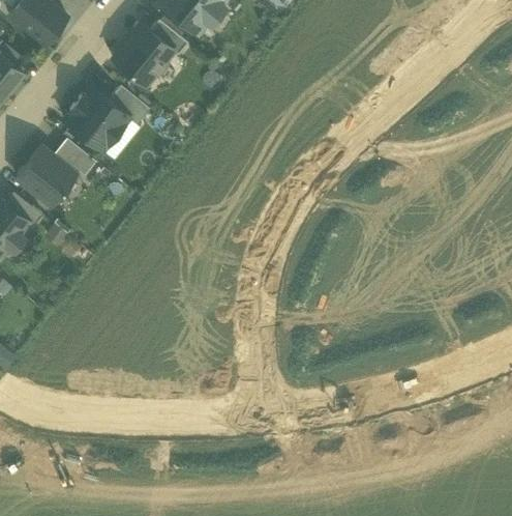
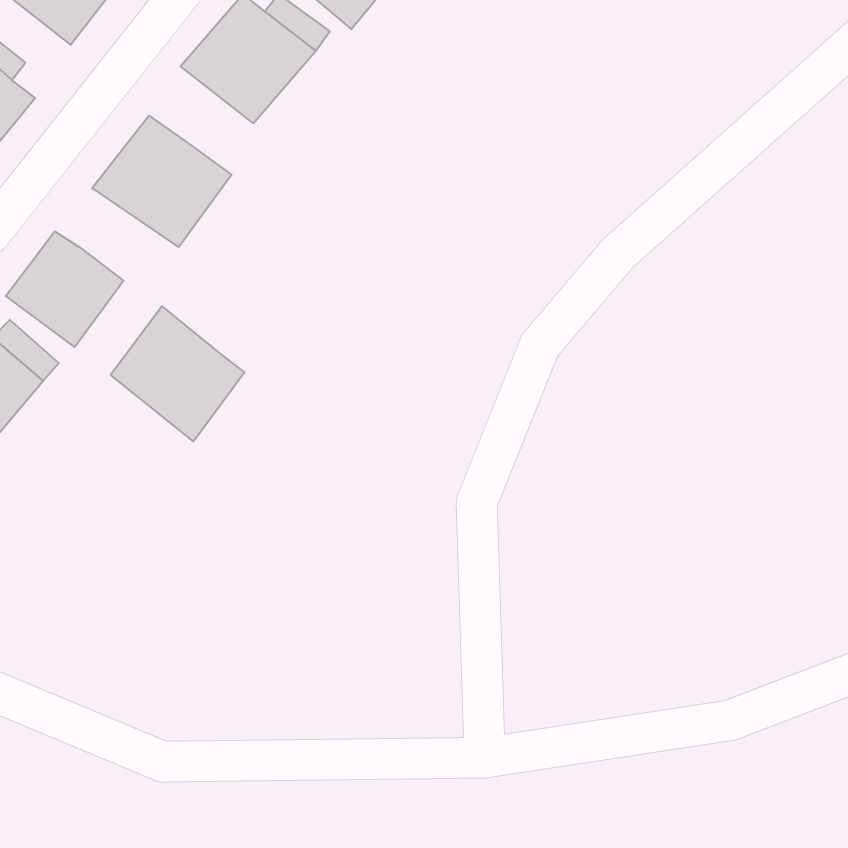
building: [111,86,151,121] -> none
building: [55,138,94,175] -> none
building: none -> [111,306,245,441]

